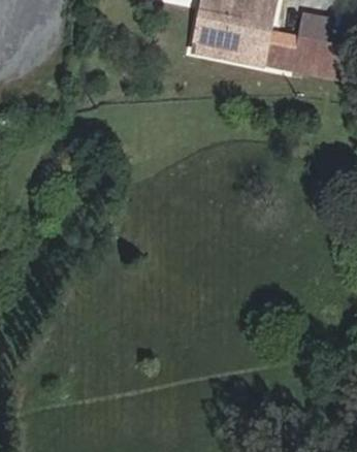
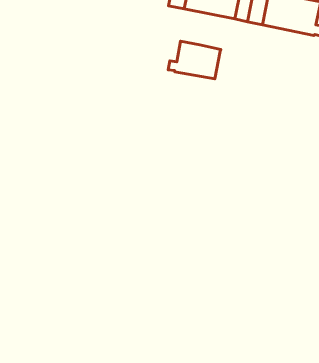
building: none -> [168,41,221,79]

